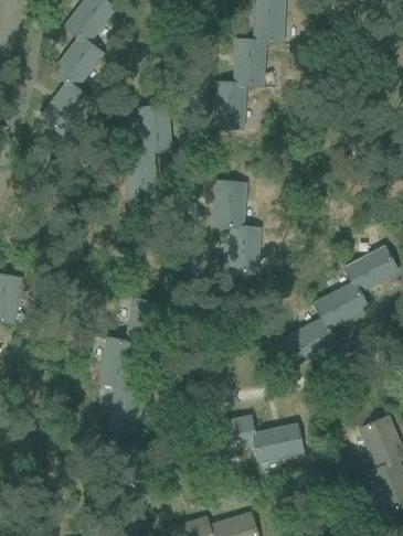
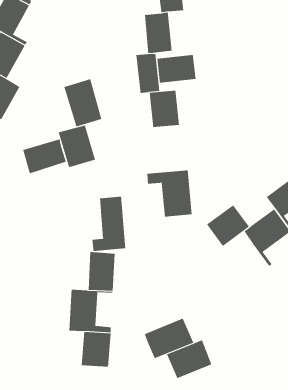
building: none -> [157,54,196,83]
building: none -> [22,138,67,174]
building: [213,180,246,222] -> [149,90,180,128]
building: none -> [92,196,126,252]
building: [285,318,333,363] -> [206,204,250,247]
building: [246,414,305,462] -> [138,318,194,359]

